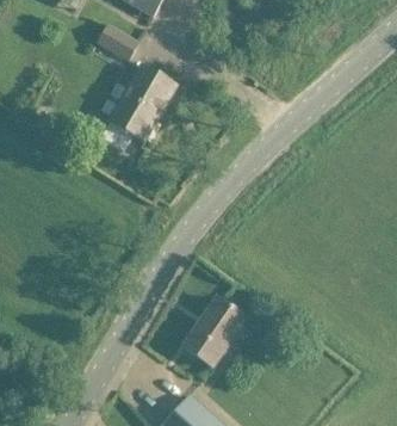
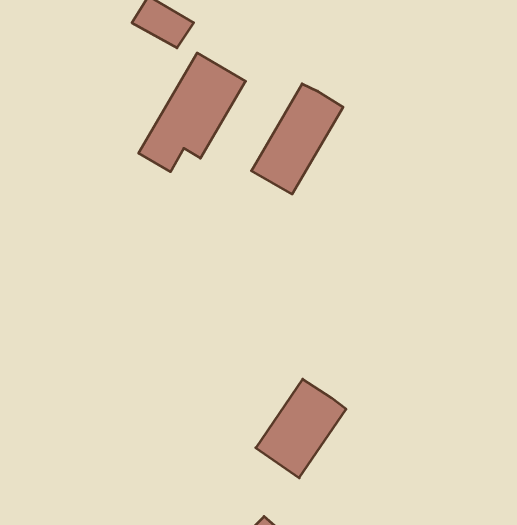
building: none -> [251,84,343,194]

